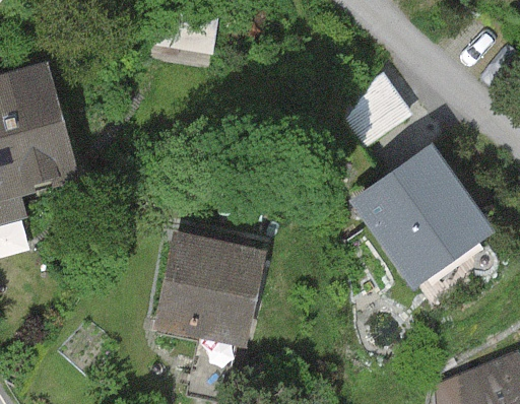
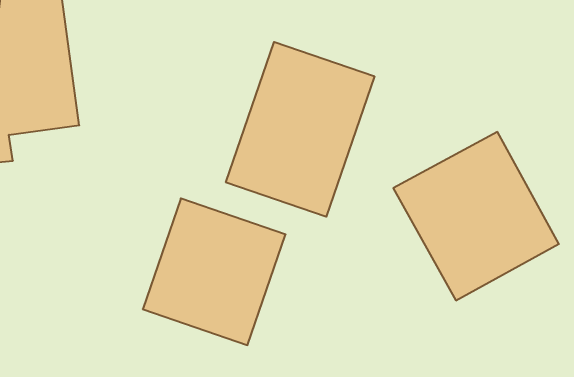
building: none -> [226,42,374,217]

